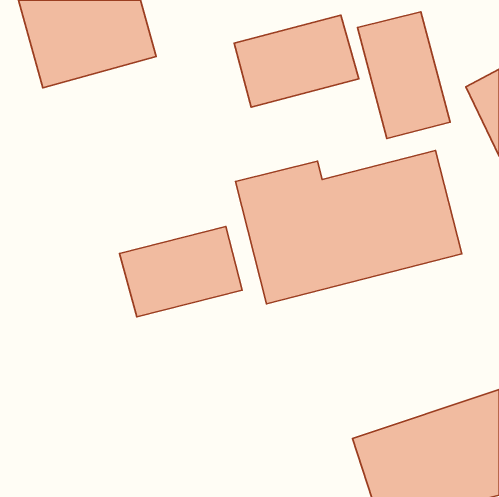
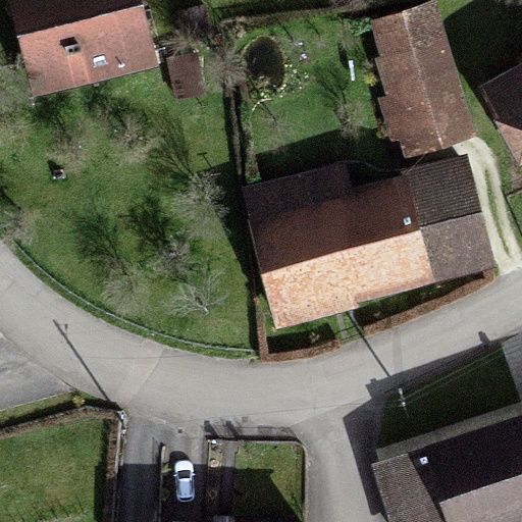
building: [234,15,359,107] -> none
building: [120,227,242,317] -> none

